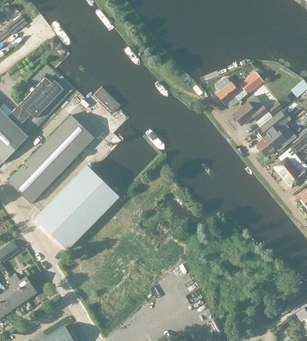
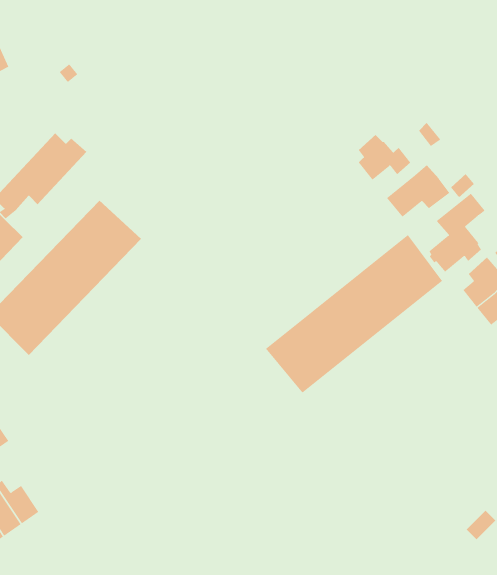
building: none -> [265,234,443,394]
building: [35,165,119,250] -> none

